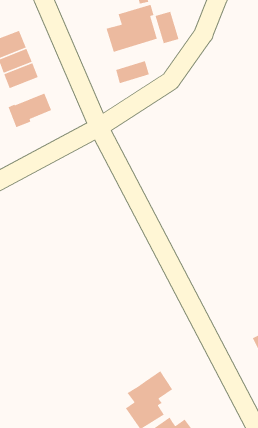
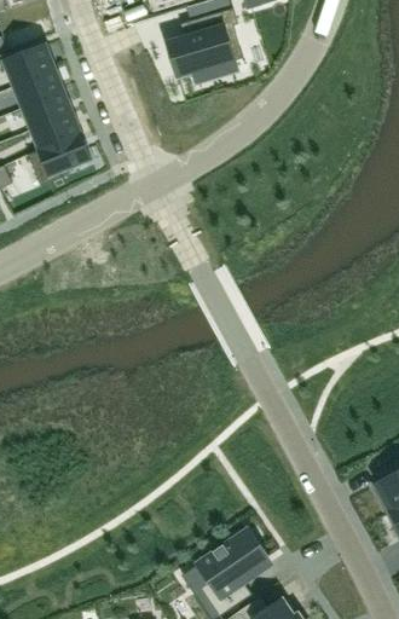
building: [155,11,180,44] -> none
building: [115,60,150,84] -> none
building: none -> [29,111,80,150]

